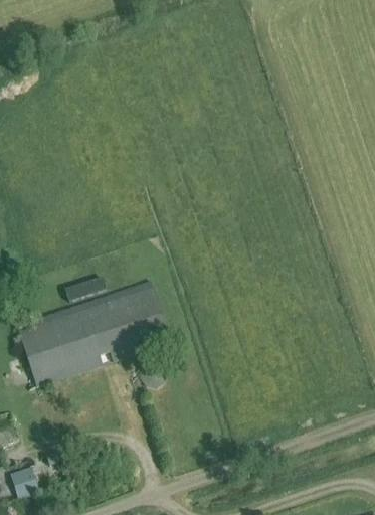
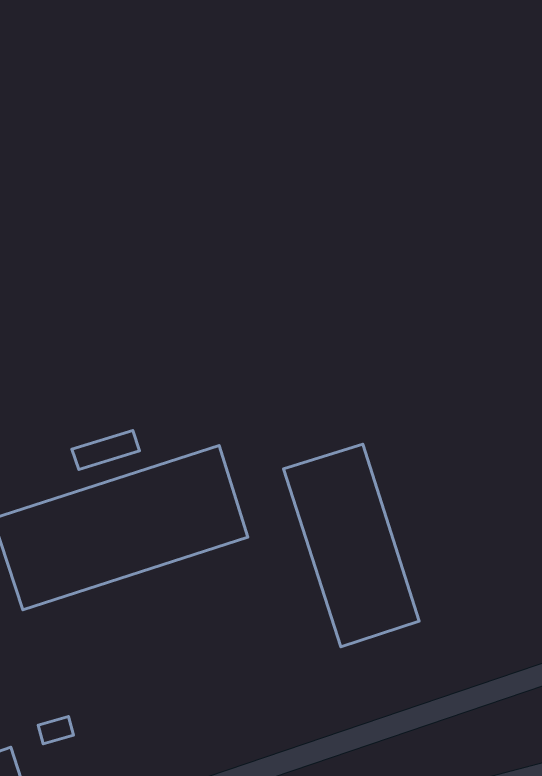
building: none -> [284,444,419,647]

